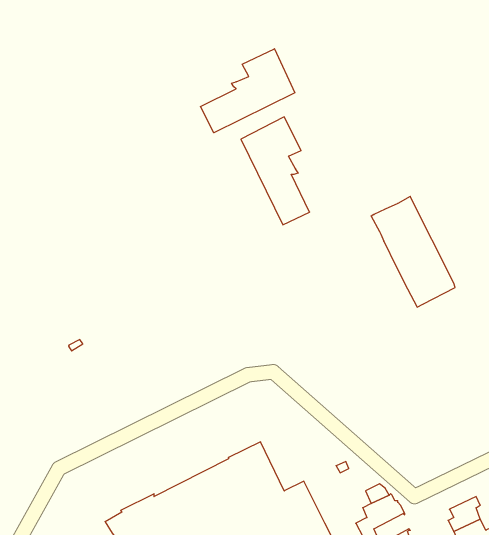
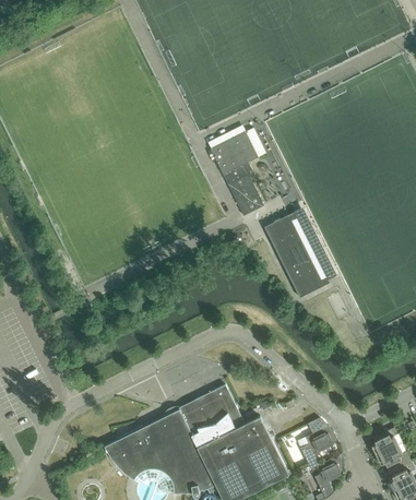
building: [200,49,295,133] -> none
building: [371,196,455,307] -> [264,212,330,298]

